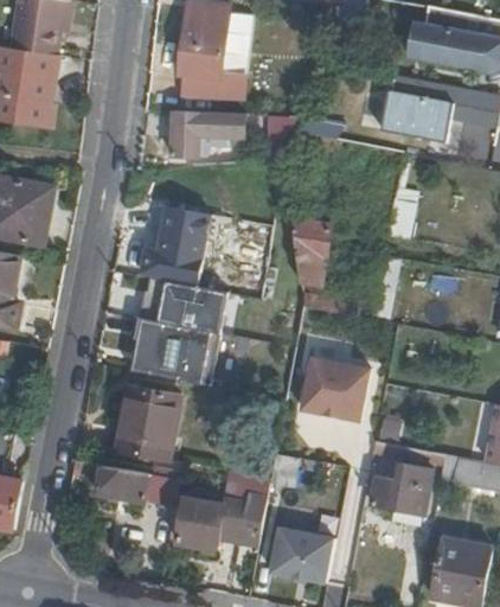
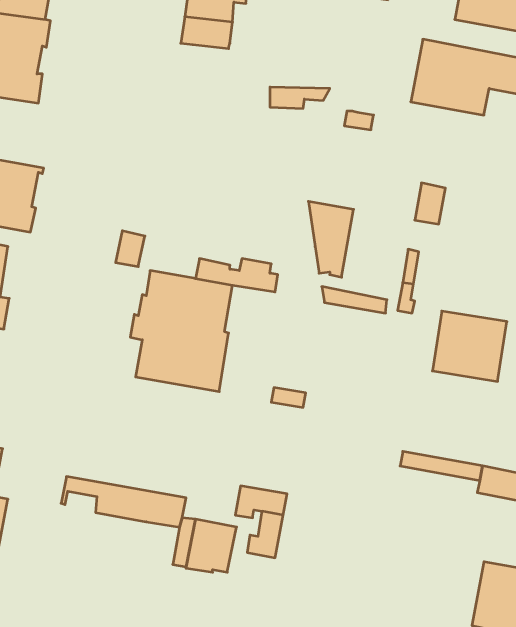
building: [184,76,243,103] -> none
building: [168,111,239,156] -> none
building: [141,209,211,280] -> none
building: [302,357,368,420] -> [432,311,507,381]
building: [115,389,181,461] -> none
building: [372,464,432,515] -> none
building: [270,528,333,582] -> none

